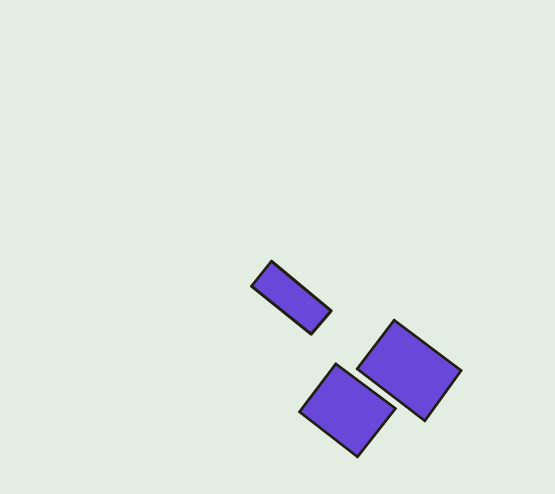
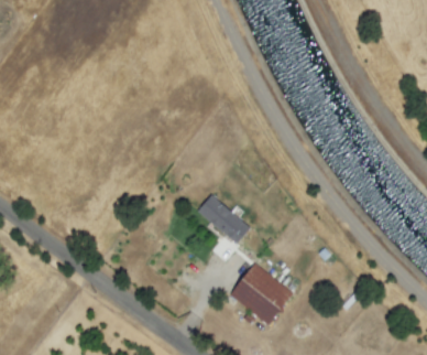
building: [357,320,461,421] -> none

